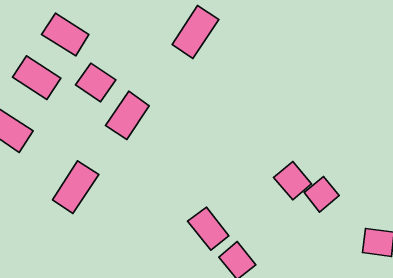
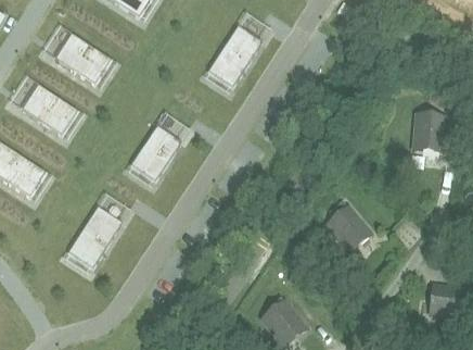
building: [76,63,116,102] -> none
building: none -> [412,114,444,150]
building: [304,177,339,212] -> none
building: [188,207,229,250] -> none

